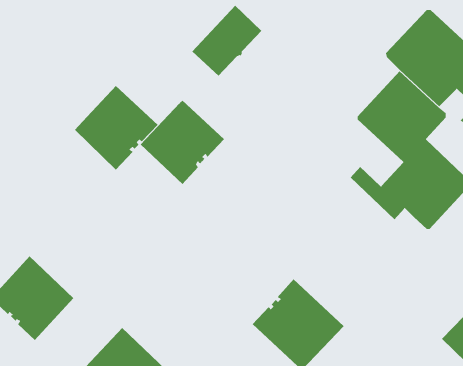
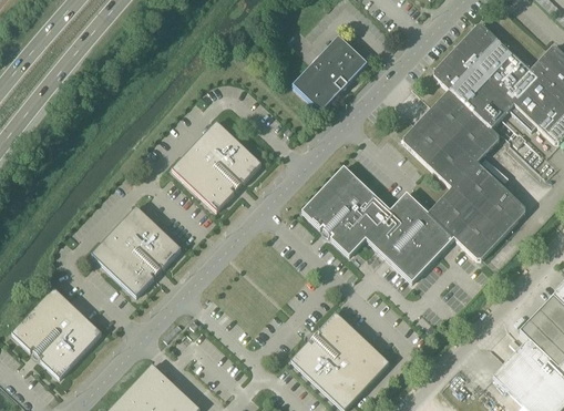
building: [192,5,262,76] -> [293,35,368,112]
building: [74,85,158,170] -> [92,206,182,297]
building: none -> [301,165,443,282]

